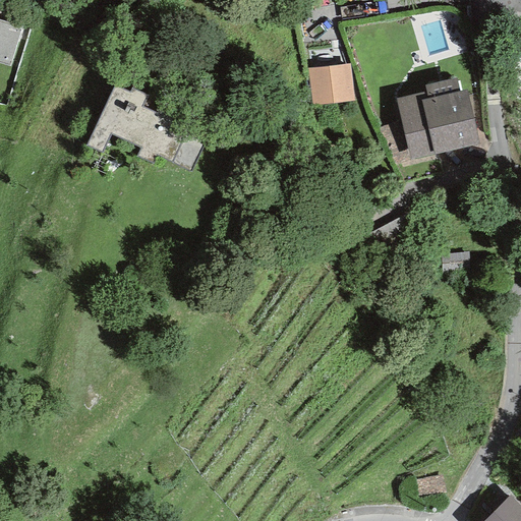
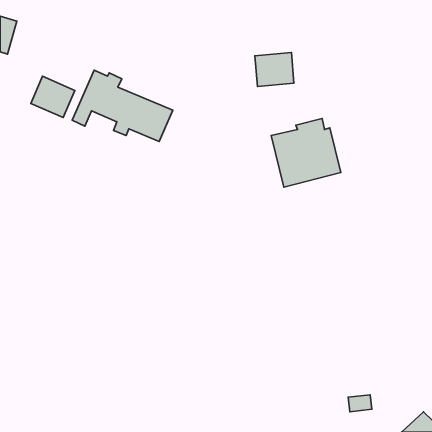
building: [396,77,479,160] -> [271,118,341,187]
building: none -> [31,76,75,118]

